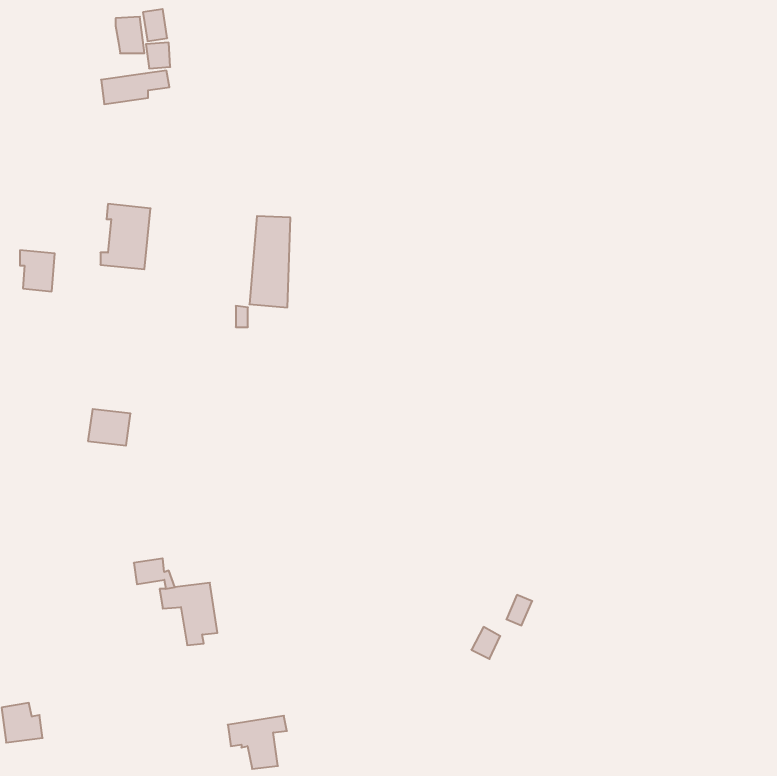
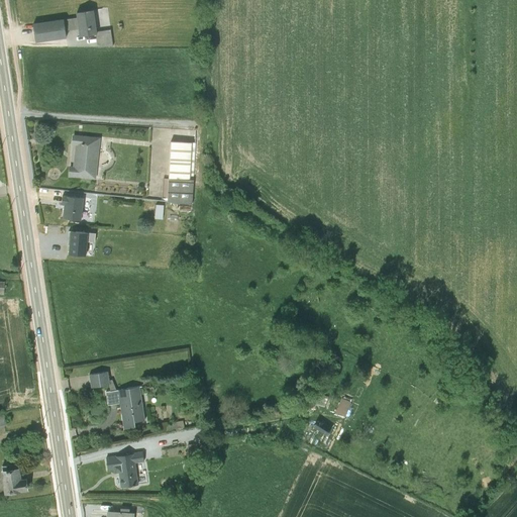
building: [101,71,169,104] -> [33,17,79,39]
building: [20,250,55,291] -> [60,196,83,223]
building: [88,409,131,446] -> [67,232,95,256]
building: [228,716,287,769] -> [105,451,144,487]

